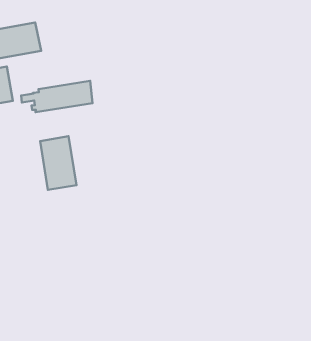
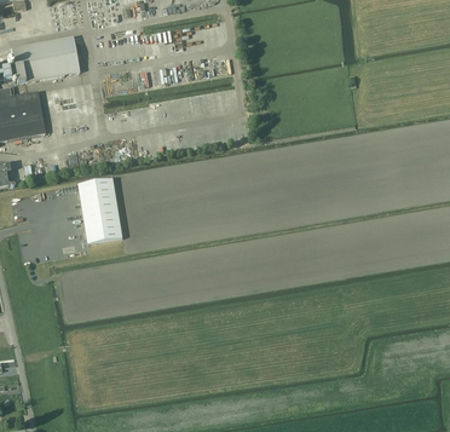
building: [21,81,93,112] -> none

